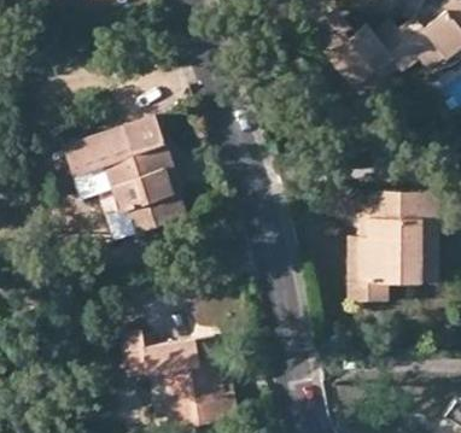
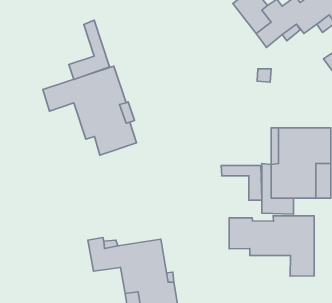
building: none -> [69,20,109,79]
building: none -> [221,166,262,200]
building: none -> [229,216,314,276]

